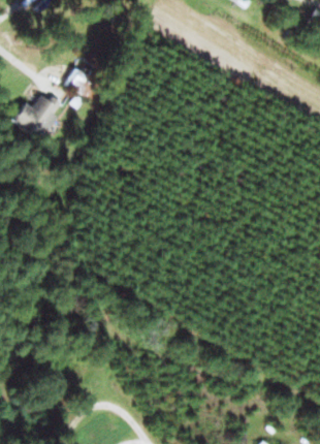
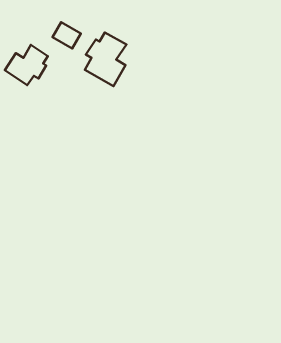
building: none -> [85,32,126,86]

